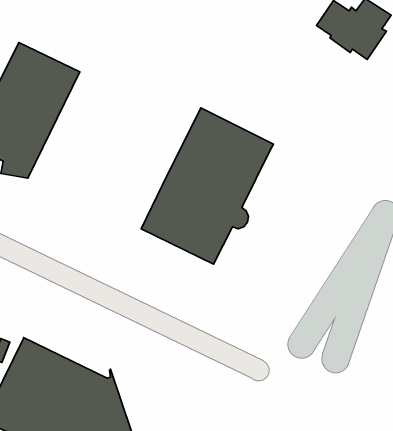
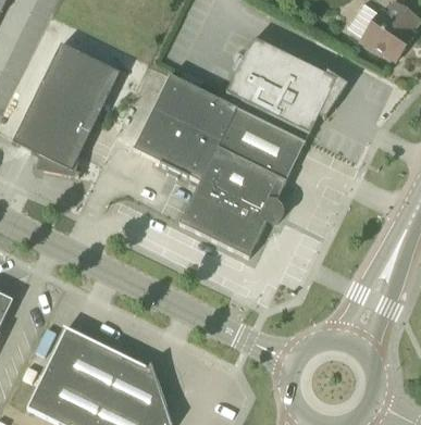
building: none -> [225,37,345,134]
building: none -> [133,74,236,180]

